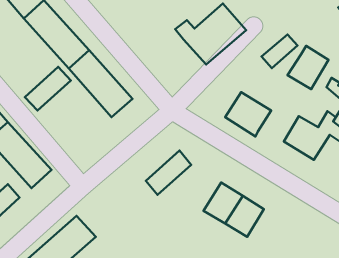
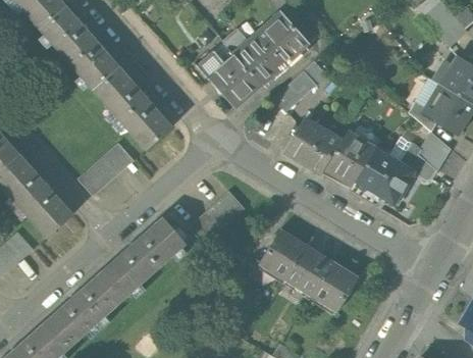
building: [262,35,298,68] -> [274,70,318,111]
building: none -> [197,50,263,107]
building: [288,46,329,89] -> [326,131,376,184]
building: [25,67,71,110] -> [80,143,136,196]
building: none -> [105,216,188,295]
building: none -> [313,261,360,311]

